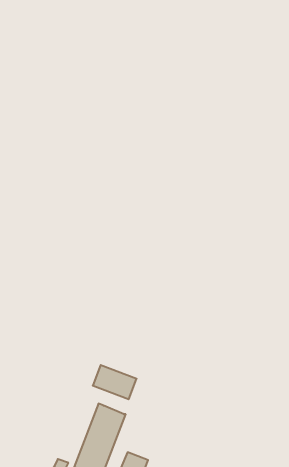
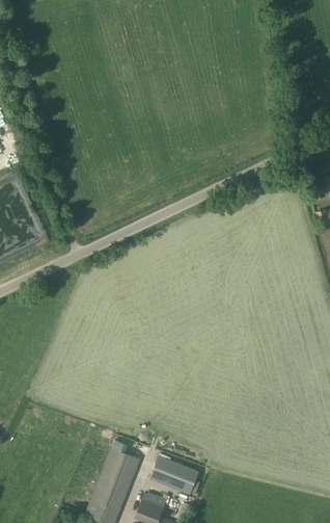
building: [93,365,137,399] -> [152,455,198,492]

